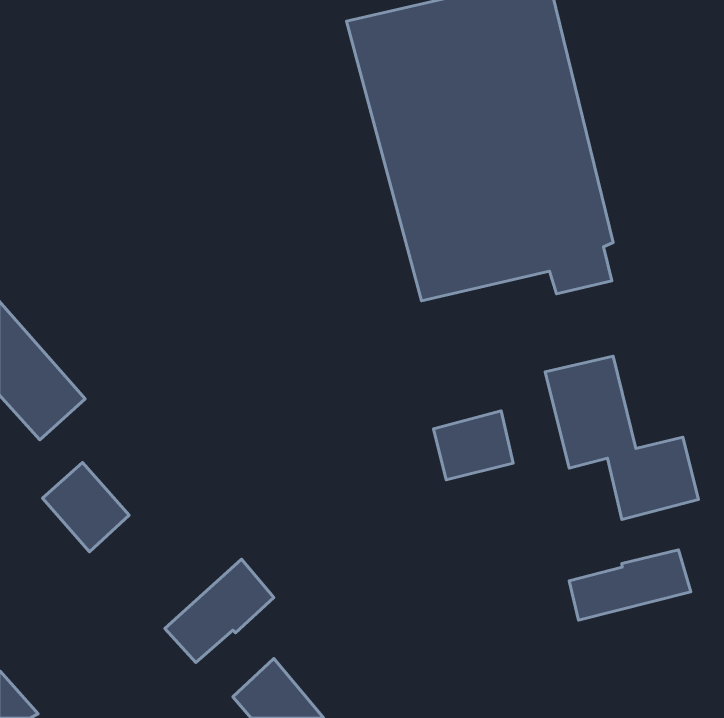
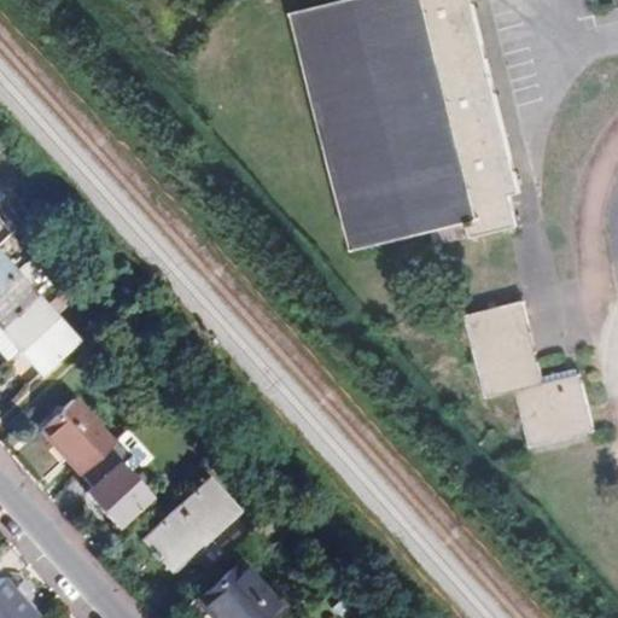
building: [434,411,513,480] -> none
building: none -> [76,435,145,524]
building: [569,550,691,620] -> none

